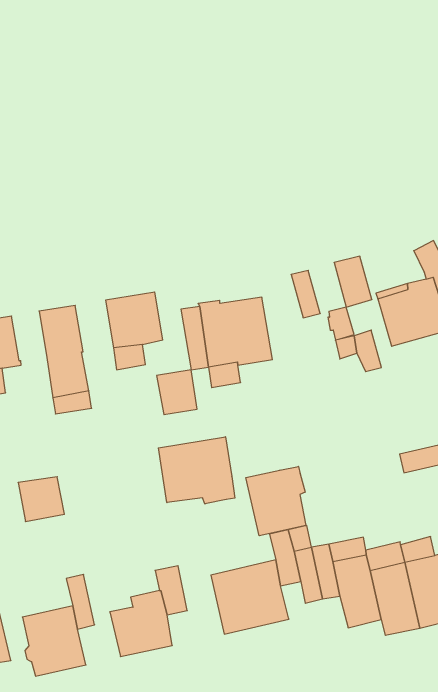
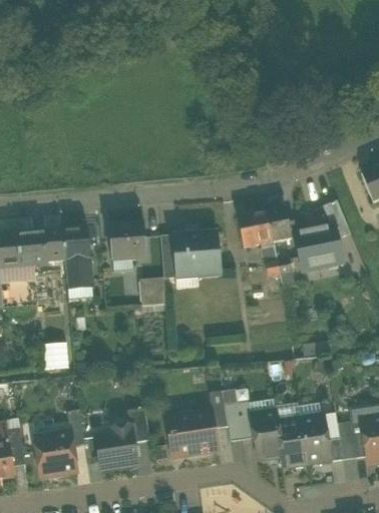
building: none -> [249,209,273,243]
building: none -> [43,227,65,261]
building: [158,437,235,504] -> none
building: [246,466,306,536] -> none

